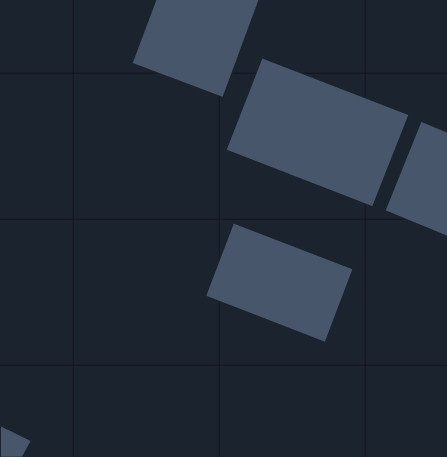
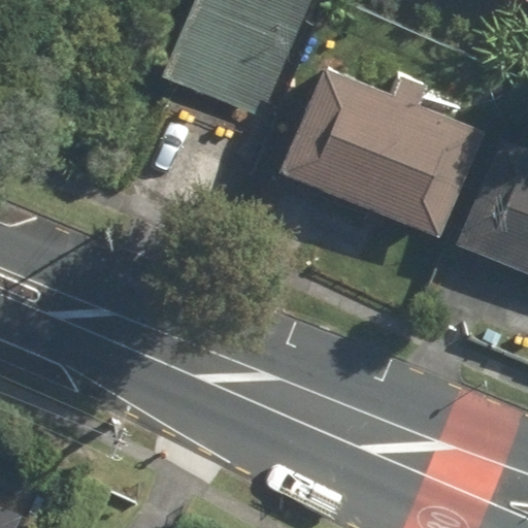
building: [205,223,353,343] -> none

